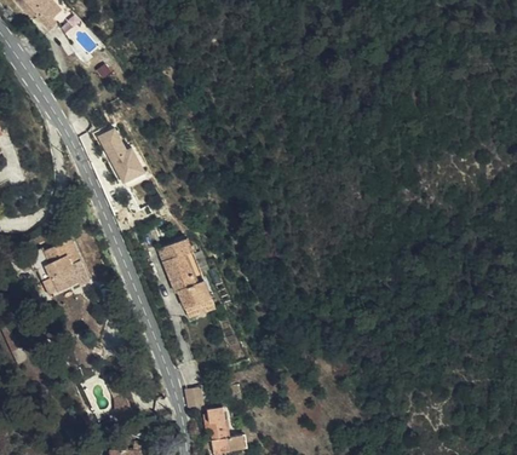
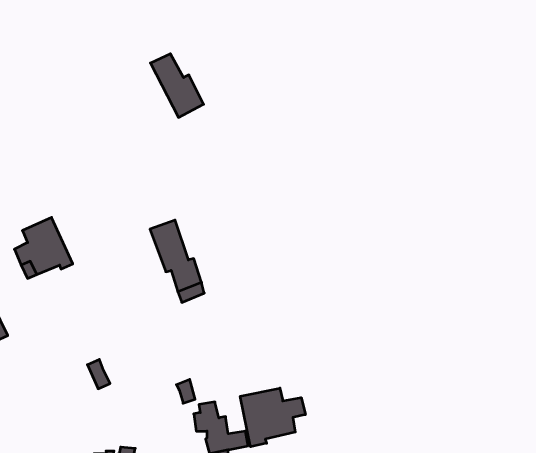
building: [97,126,145,184] -> [150,54,204,117]
building: none -> [240,388,305,447]

